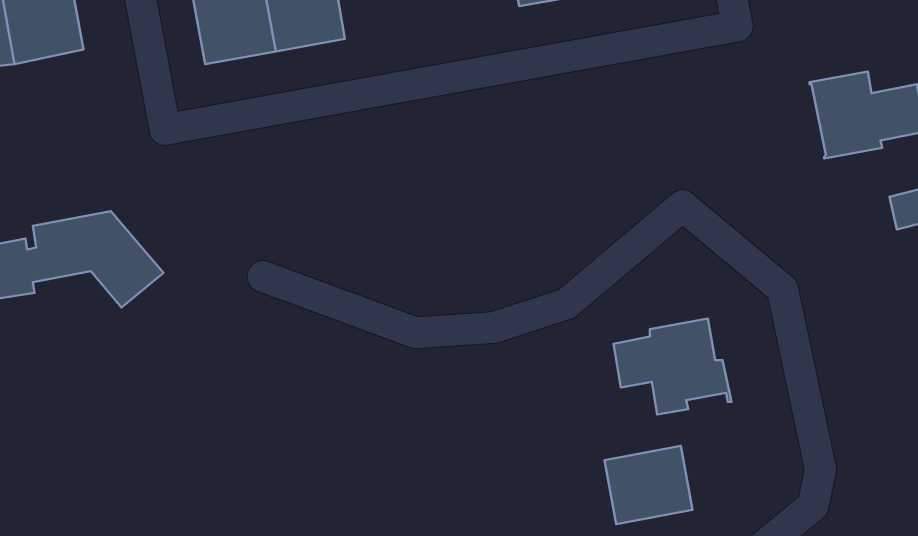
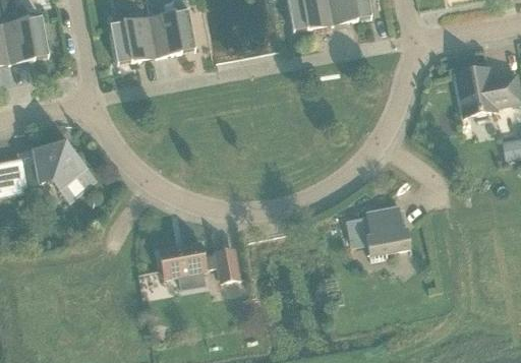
building: none -> [160,243,238,282]
building: [605,446,693,524] -> none

